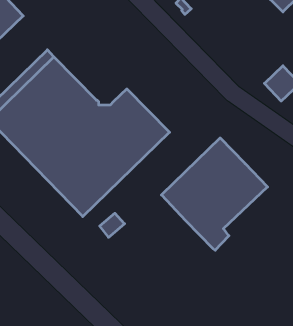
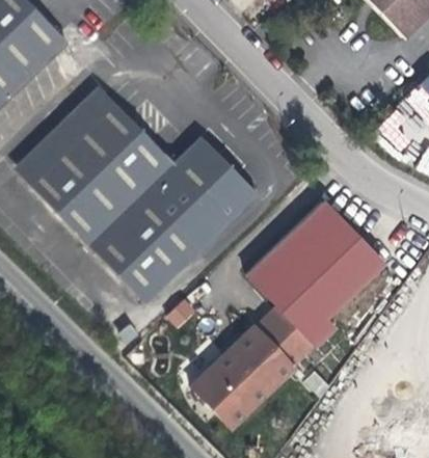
building: none -> [191,307,313,427]

